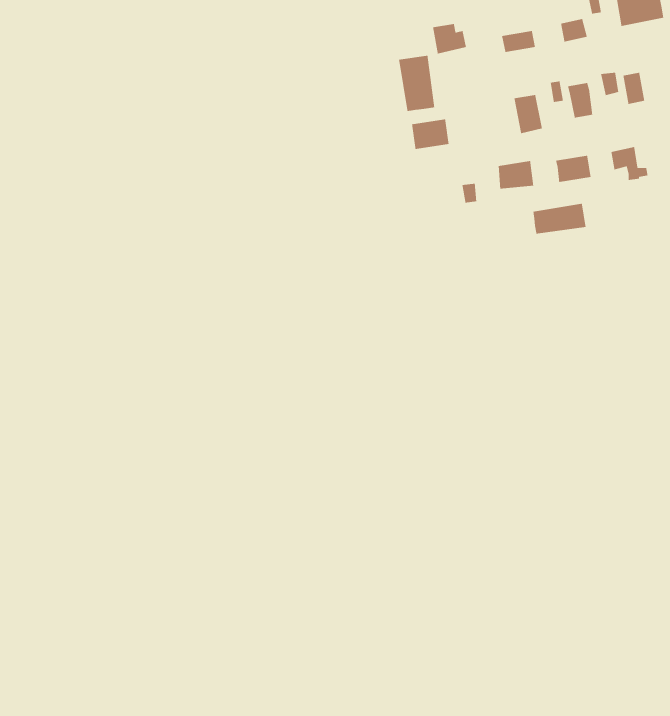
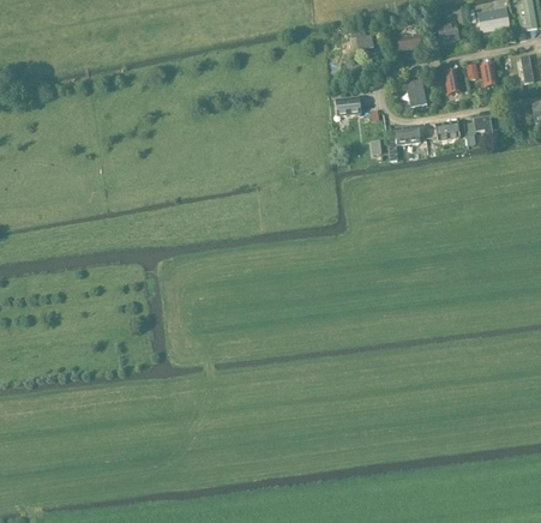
building: [398,55,435,112] -> none
building: [532,203,586,235] -> none

